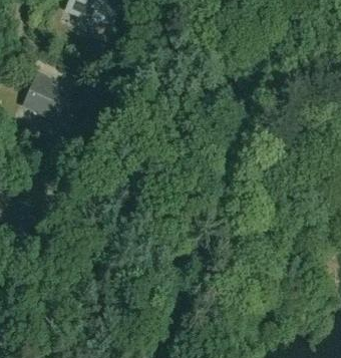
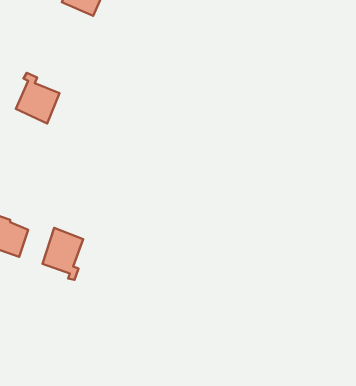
building: none -> [42,228,83,280]

